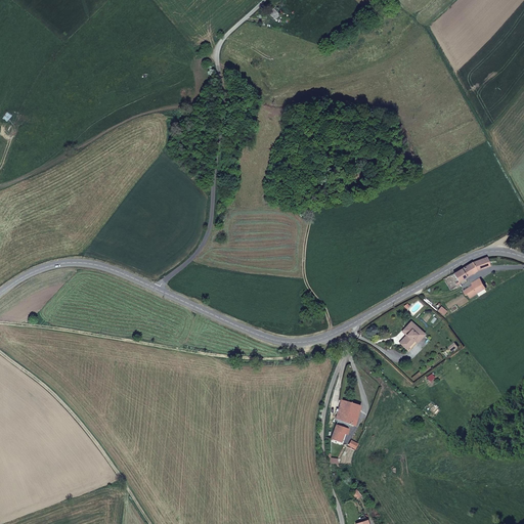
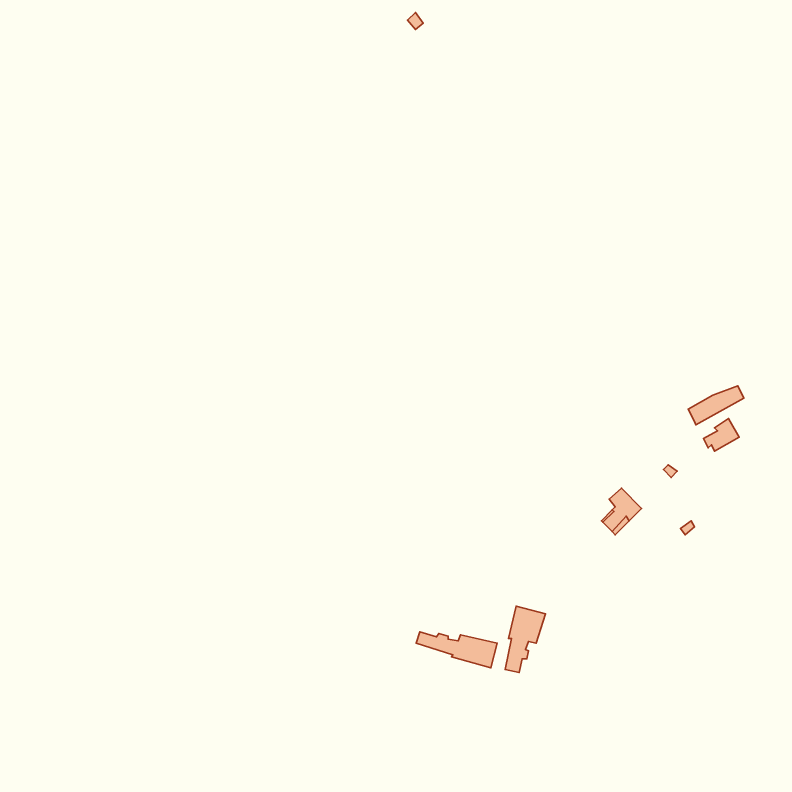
building: none -> [416,632,497,668]

